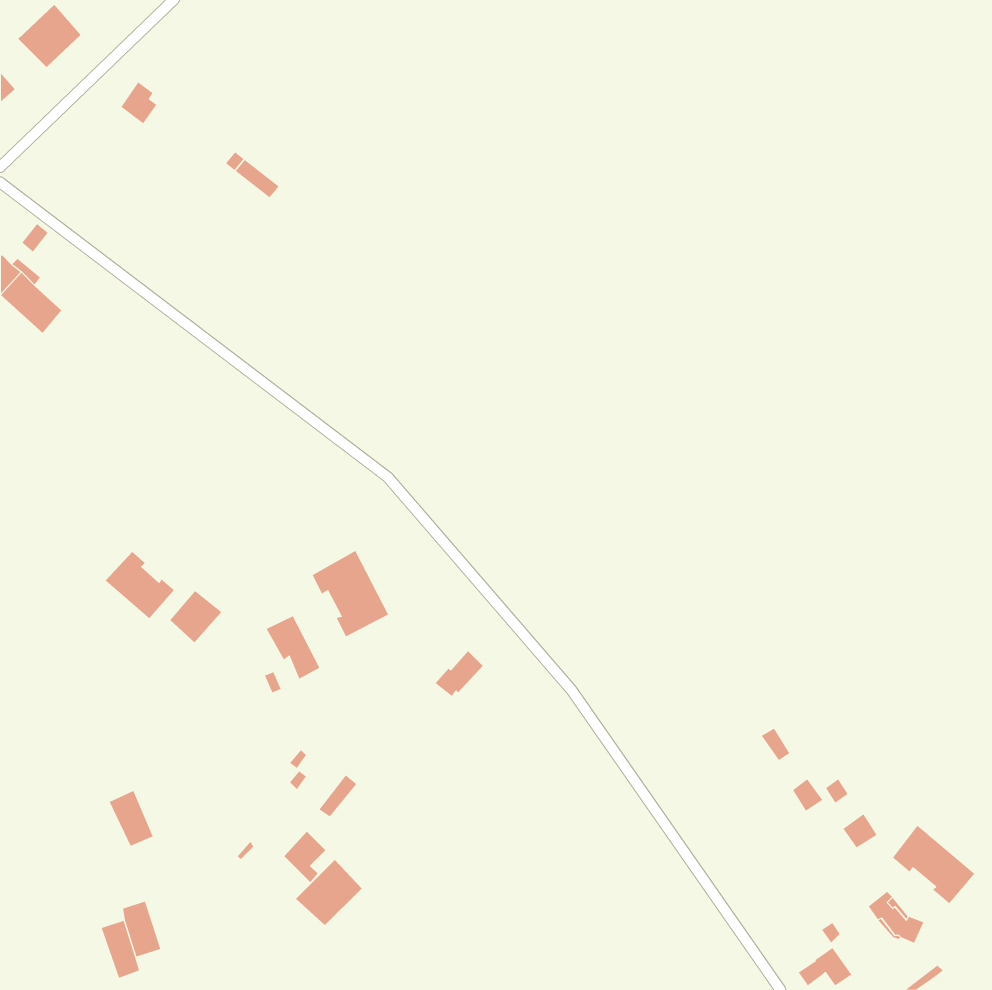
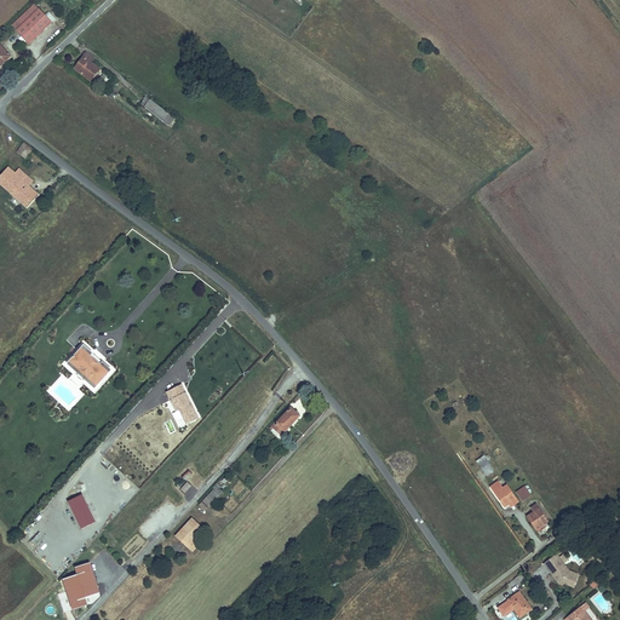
building: [312,550,389,637] -> none
building: [169,590,222,643] -> none
building: [892,825,975,904] -> none
building: [295,859,362,926] -> none

